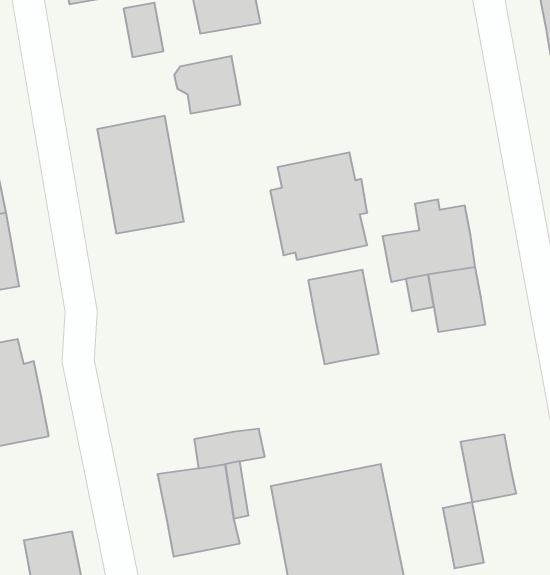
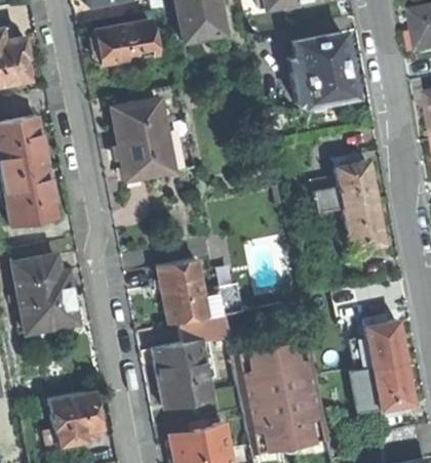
building: [174,56,240,113] -> [89,23,135,62]
building: [270,152,367,260] -> [287,33,355,108]
building: [308,270,379,364] -> [157,259,206,325]
building: none -> [373,361,412,409]

